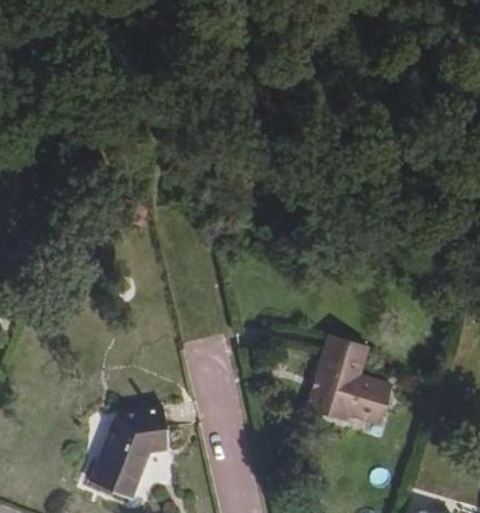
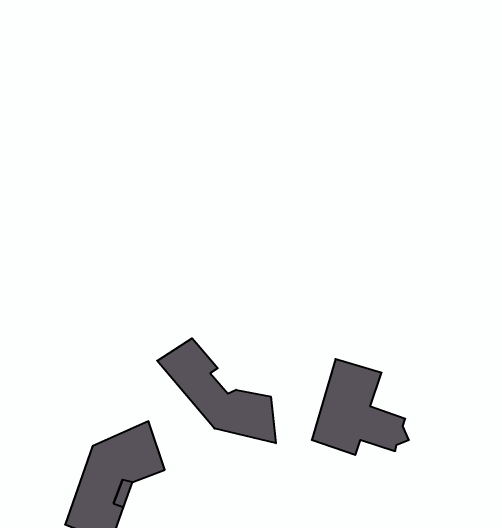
building: none -> [157,338,276,443]

